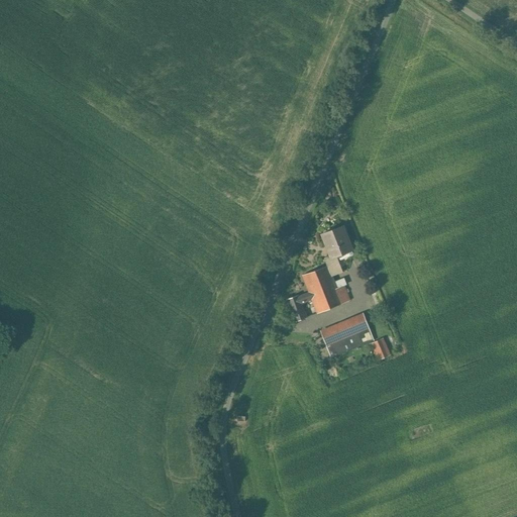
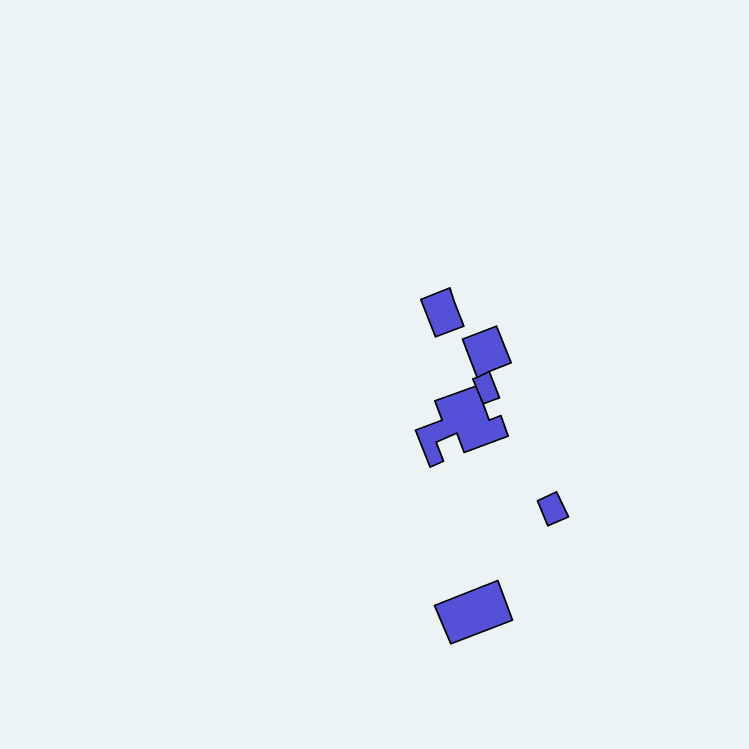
building: none -> [421,288,464,337]
building: [320,313,374,356] -> [435,581,512,644]

